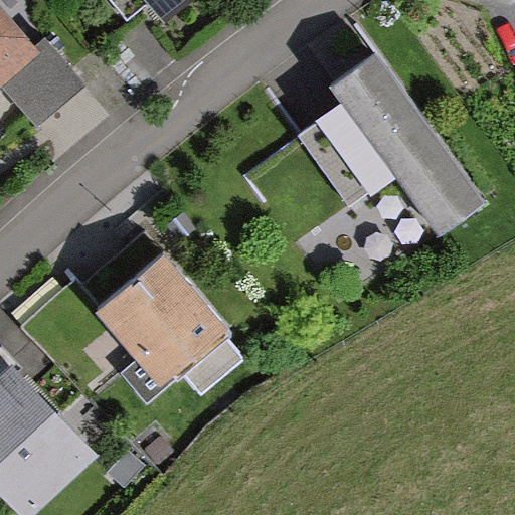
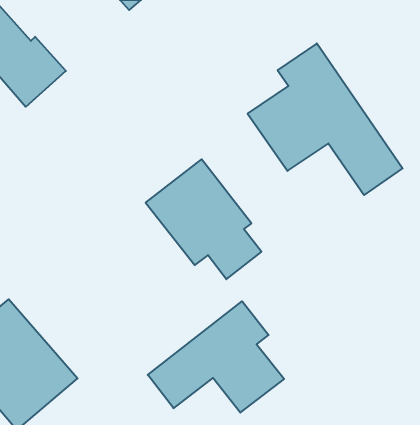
building: [98,252,237,397] -> [146,159,261,279]
building: none -> [148,301,284,413]

